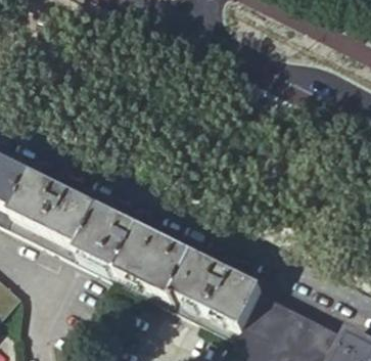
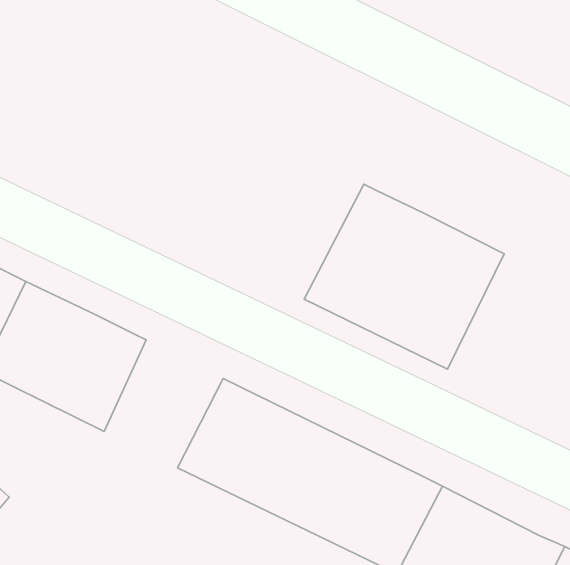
building: none -> [304,184,504,369]
building: [75,205,141,276] -> none

